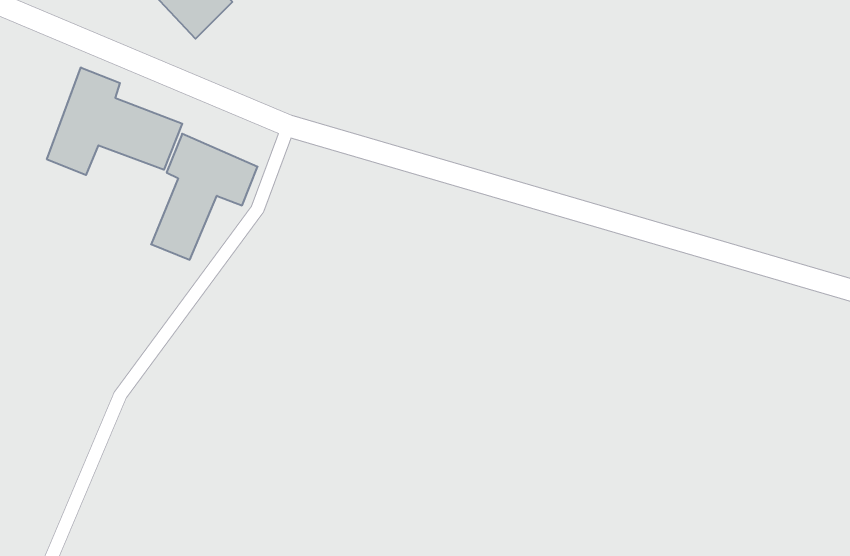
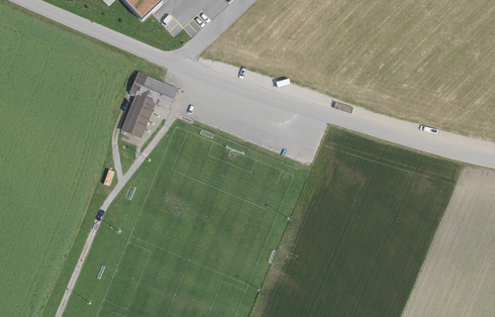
building: [47,67,182,175] -> none

